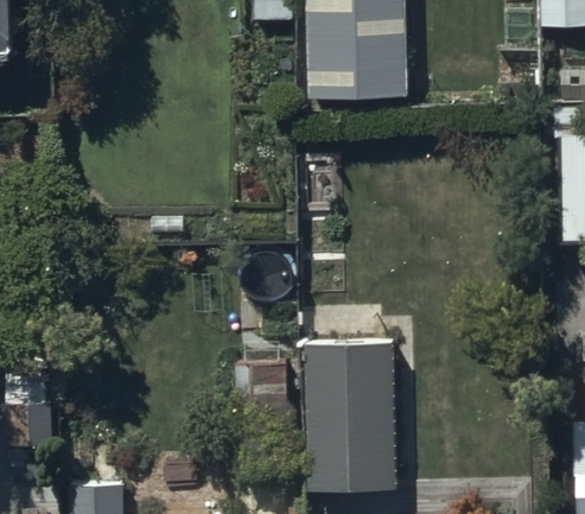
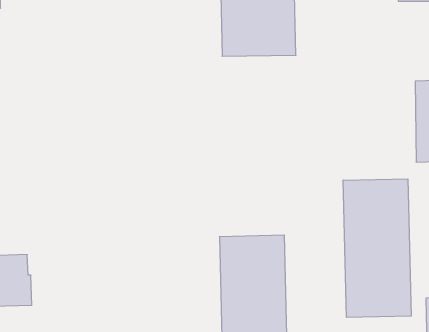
building: none -> [343,179,411,317]

